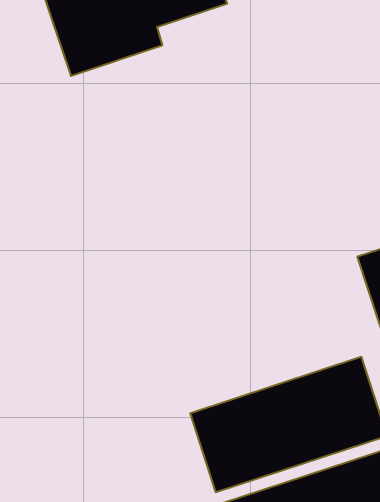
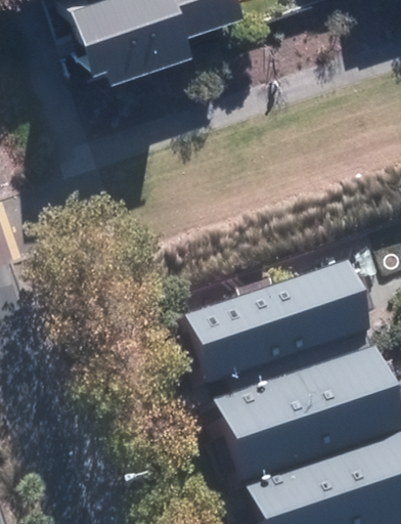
building: none -> [172,265,359,388]

